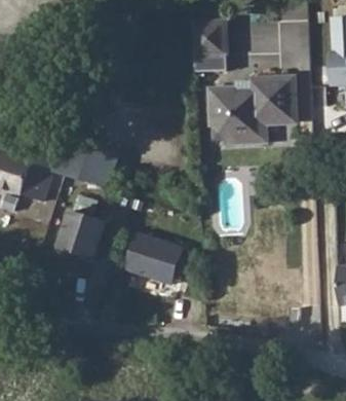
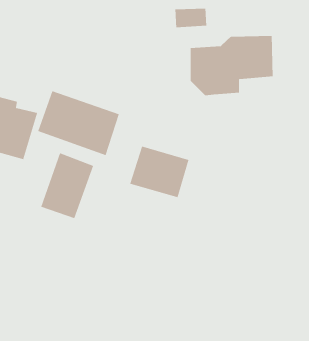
building: none -> [37,90,120,156]
building: [126,231,187,285] -> [129,145,189,198]

